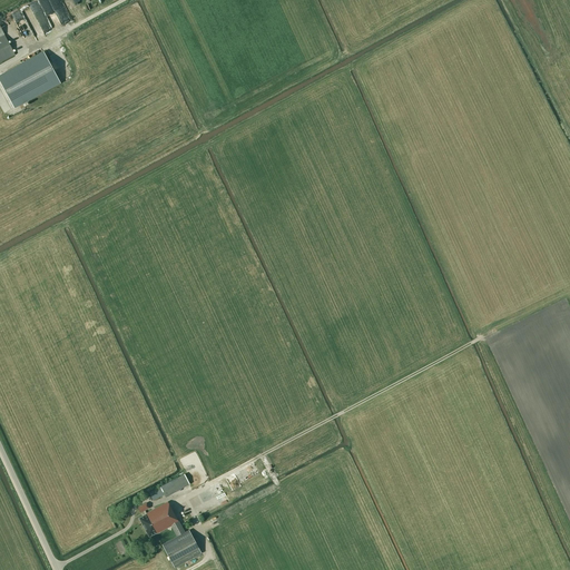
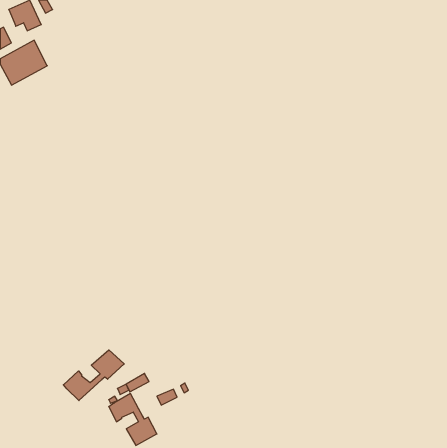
building: none -> [63,350,124,401]

